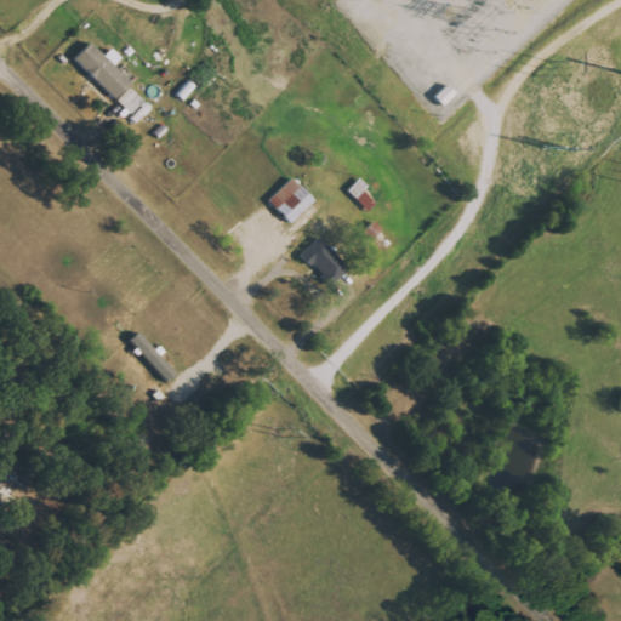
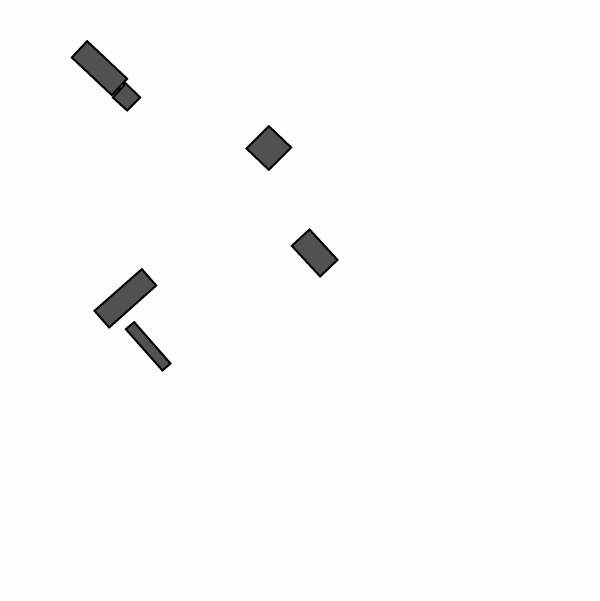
building: [268,178,314,223] -> [246,126,291,170]
building: none -> [95,269,156,327]

